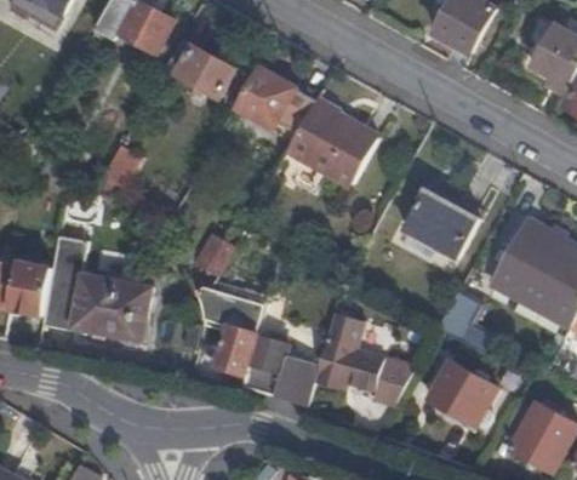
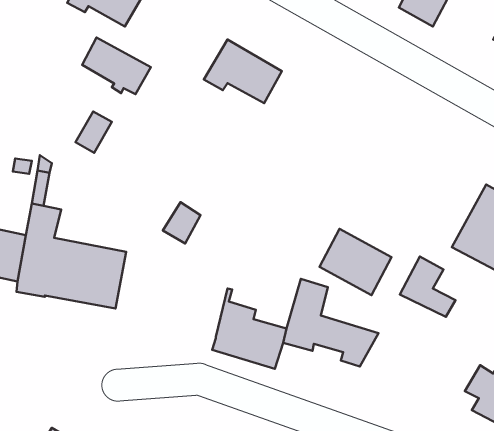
building: [164,38,234,96] -> [82,38,151,94]
building: [287,96,376,183] -> none
building: [402,189,476,257] -> [320,229,392,295]
building: [193,285,264,372] -> none
building: [428,360,496,424] -> none

